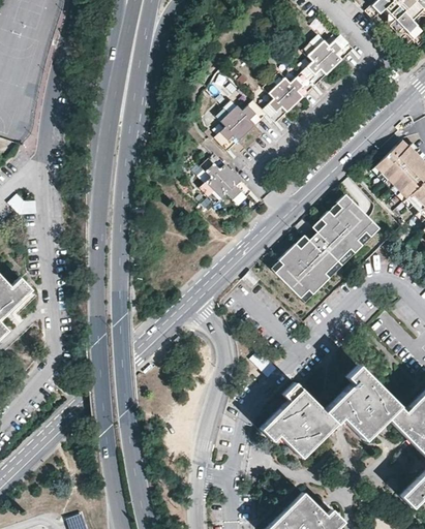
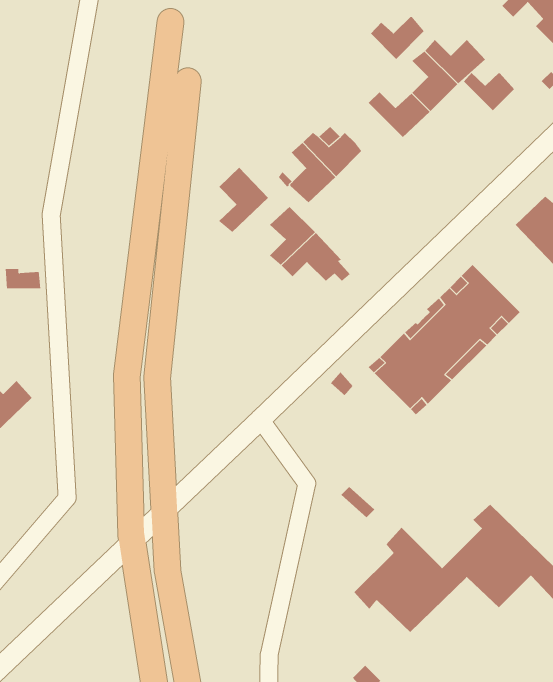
building: none -> [370,16,425,60]
building: none -> [463,72,515,111]
building: [263,80,296,122] -> none
building: none -> [218,167,269,233]

